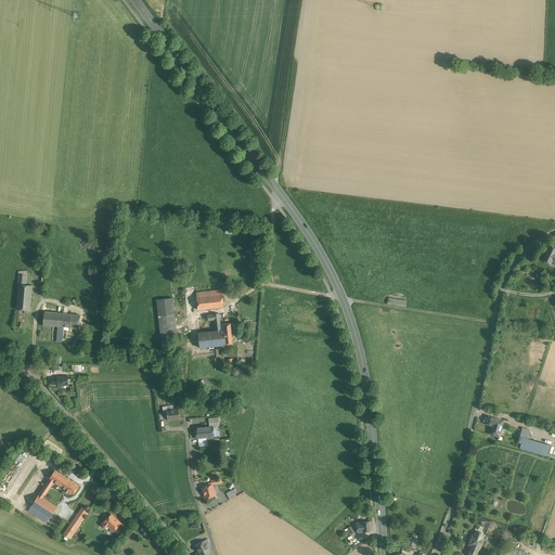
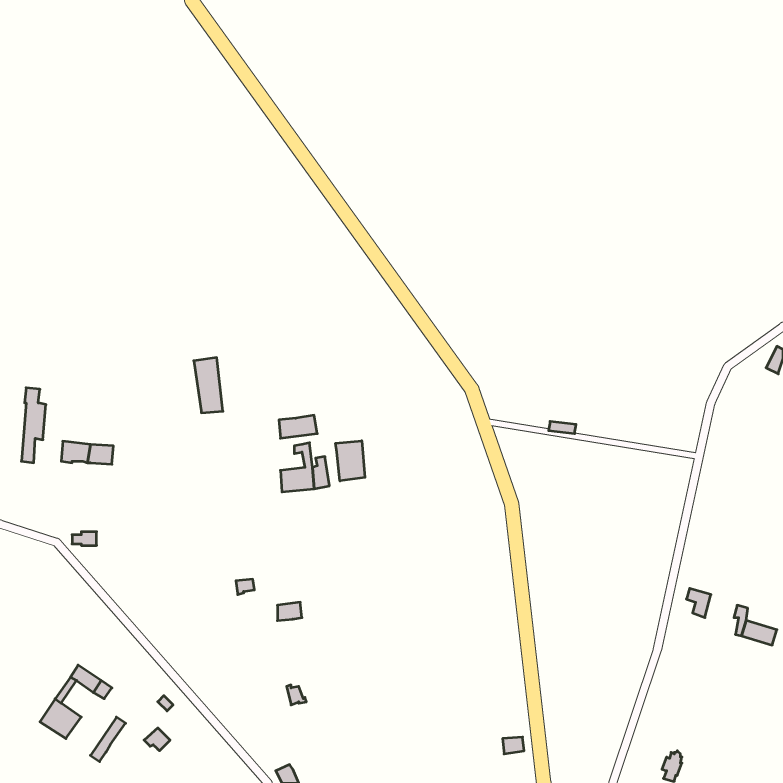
building: [156,298,177,337] -> [194,358,223,413]
building: none -> [336,441,365,481]

